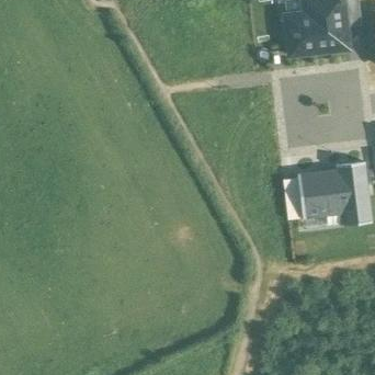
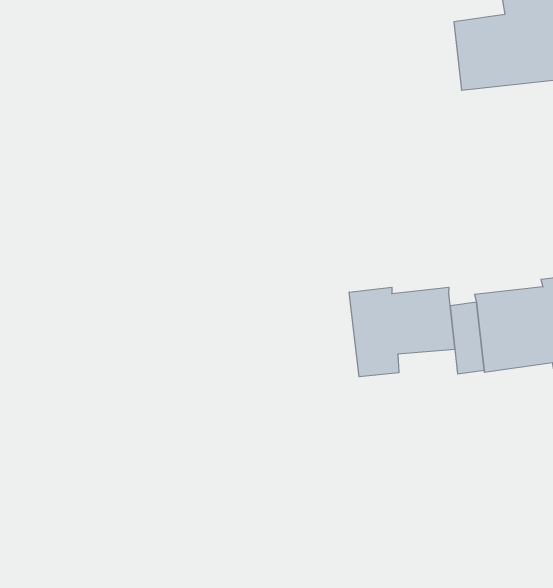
building: none -> [349,287,455,377]

